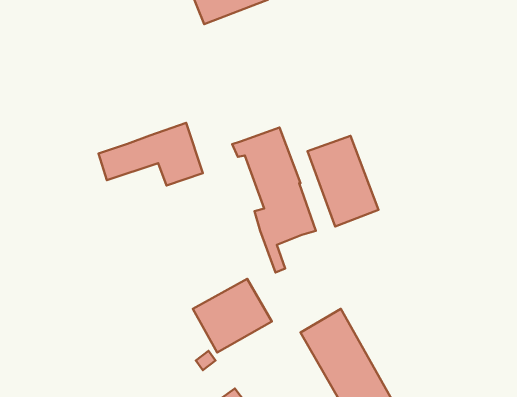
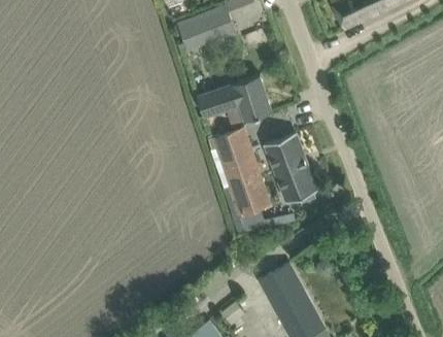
building: [98,123,203,186] -> [195,75,272,122]
building: [193,279,272,353] -> none

